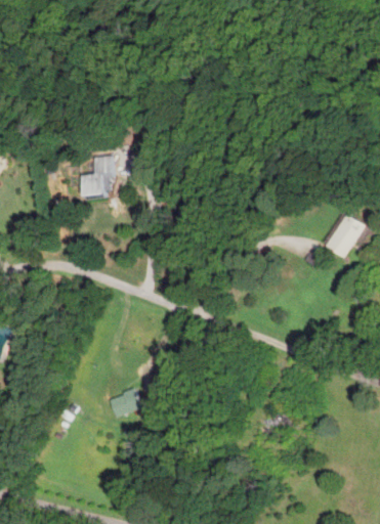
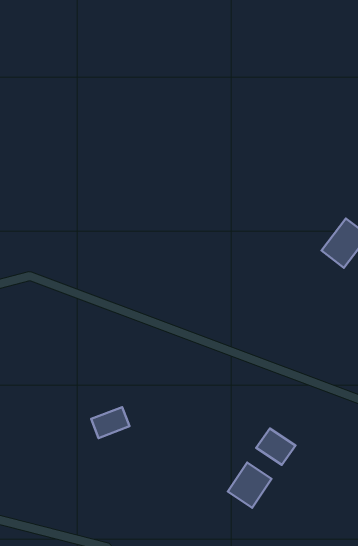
building: [81,155,117,196] -> none
building: none -> [228,463,271,508]

